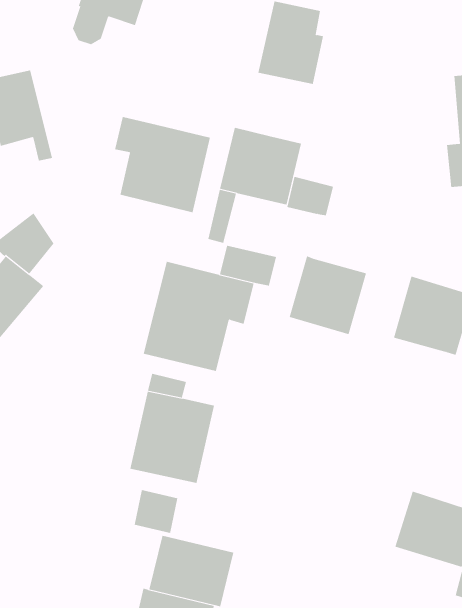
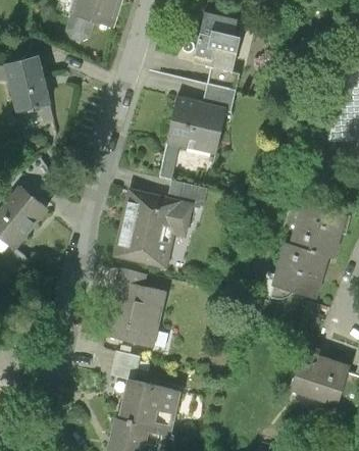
building: [114,116,210,213] -> none
building: [287,176,334,216] -> [203,84,236,111]
building: [289,255,367,335] -> [270,243,324,298]

